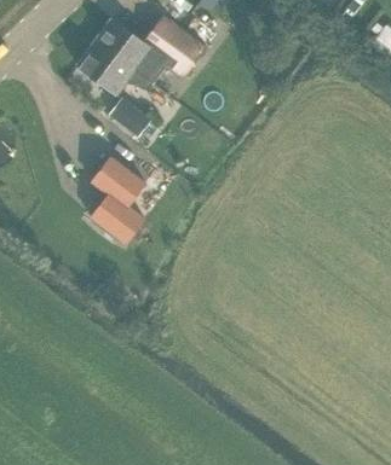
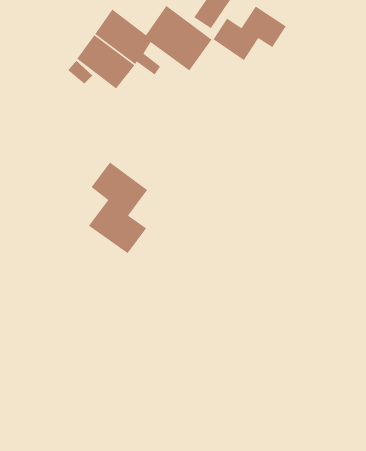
building: none -> [213,5,287,61]
building: [108,94,153,135] -> none

